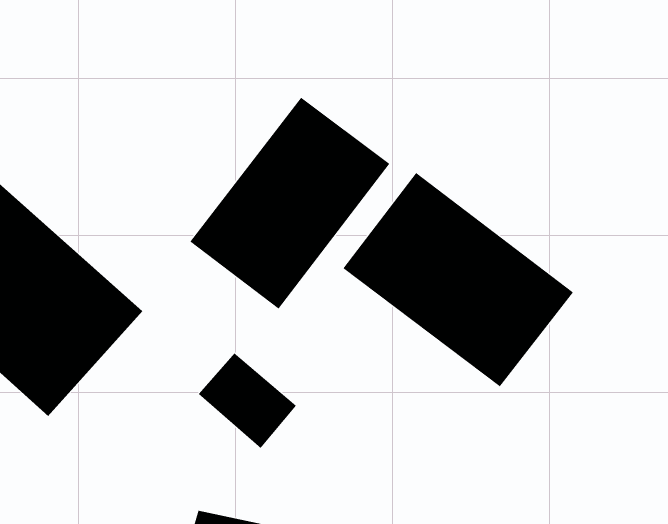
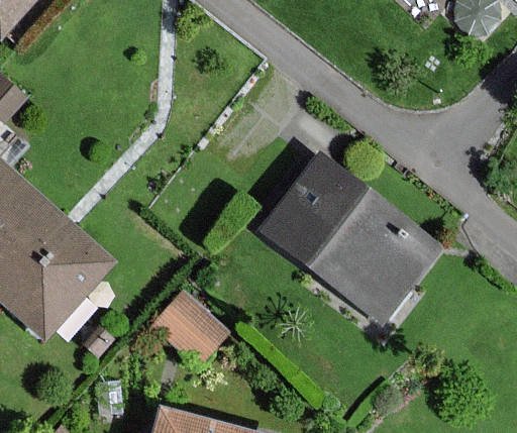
building: [189,97,390,310] -> none

